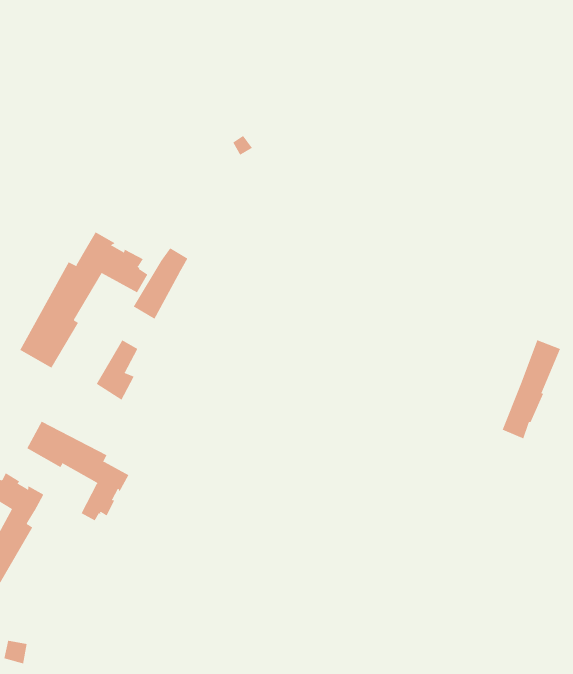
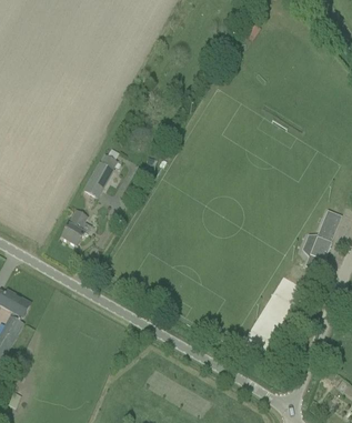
building: [20,231,148,369] -> none
building: [27,421,129,521] -> none

